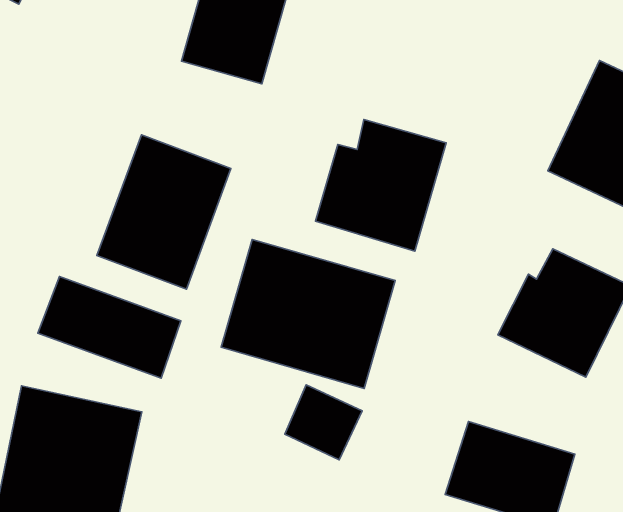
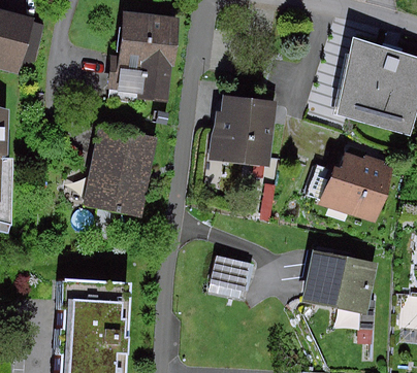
building: [221,239,395,388] -> none
building: [38,277,181,378] -> none

